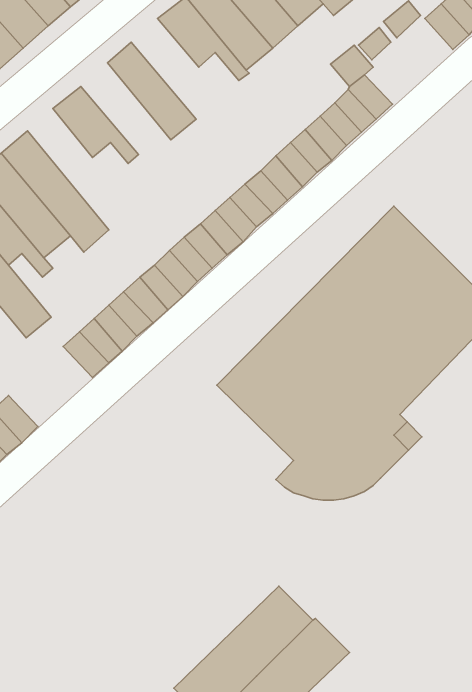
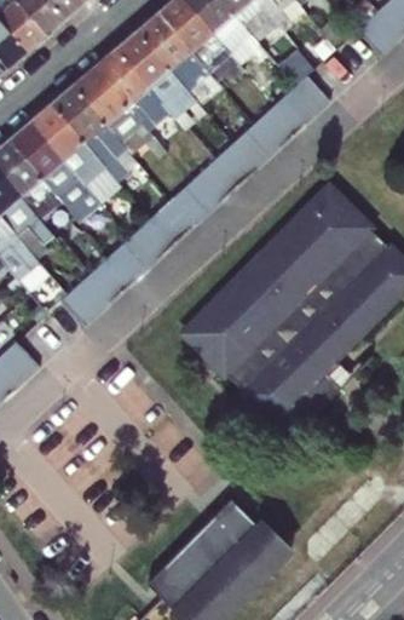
building: none -> [115,30,190,113]
building: none -> [74,67,163,156]
building: none -> [30,104,119,203]

